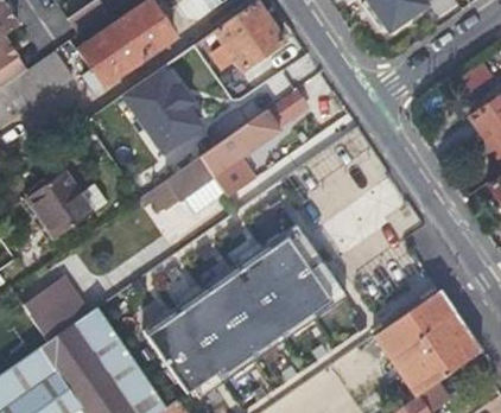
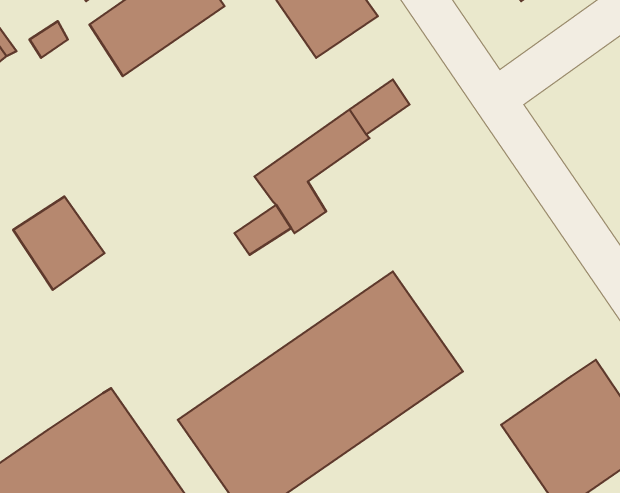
building: [121,69,199,153] -> none
building: [138,158,214,212] -> none
building: [26,277,90,338] -> none

